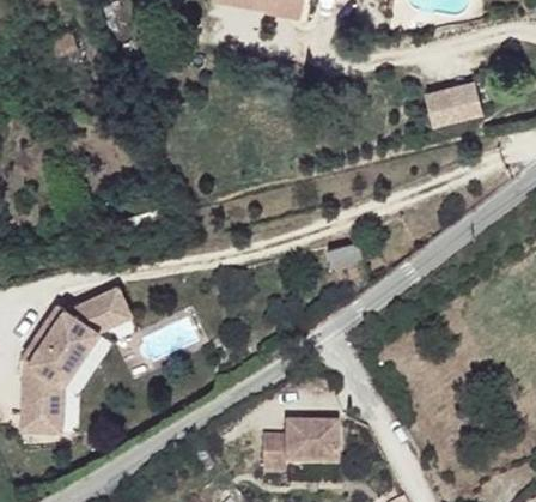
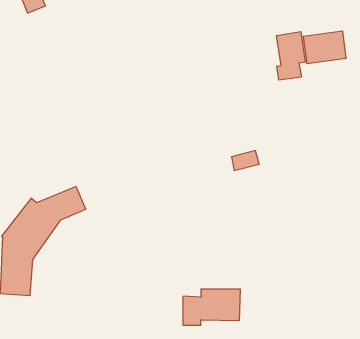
building: none -> [276,32,305,80]

